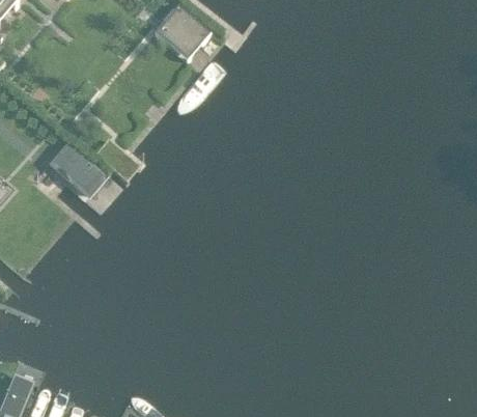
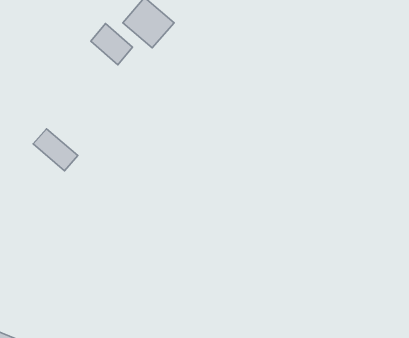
building: none -> [91,24,133,65]

